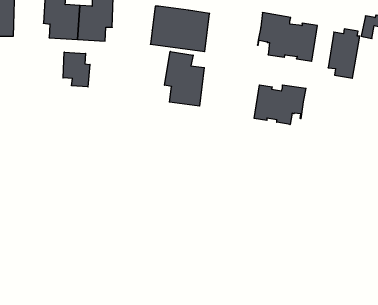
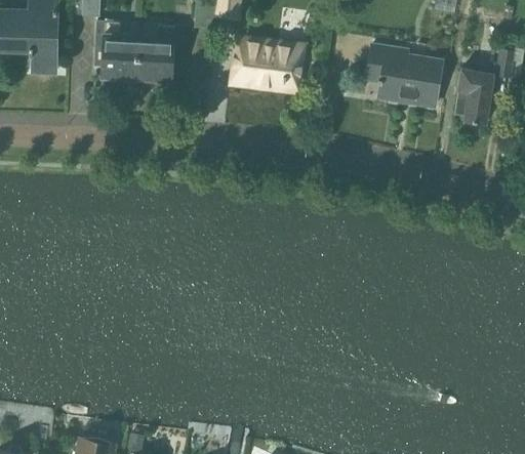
building: [165,51,204,106] -> none
building: [63,52,90,87] -> none
building: [254,85,306,125] -> none

